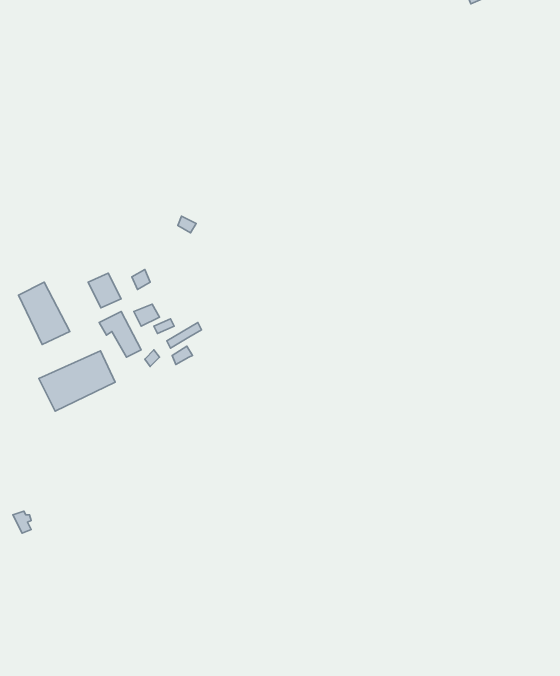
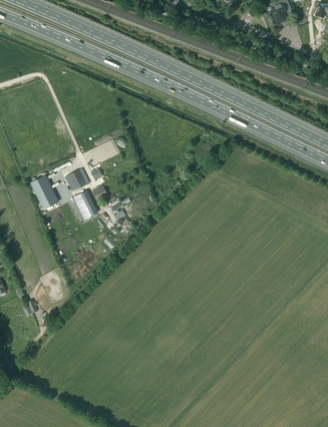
building: [39,351,115,411] -> none

